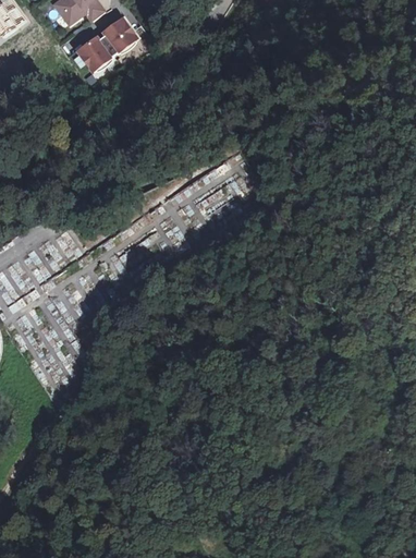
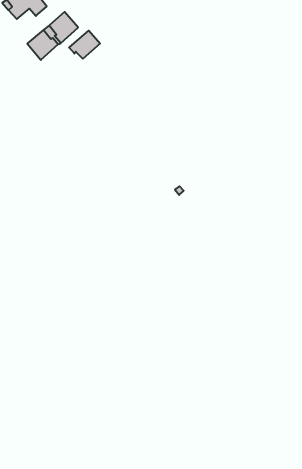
building: none -> [69,31,100,59]

